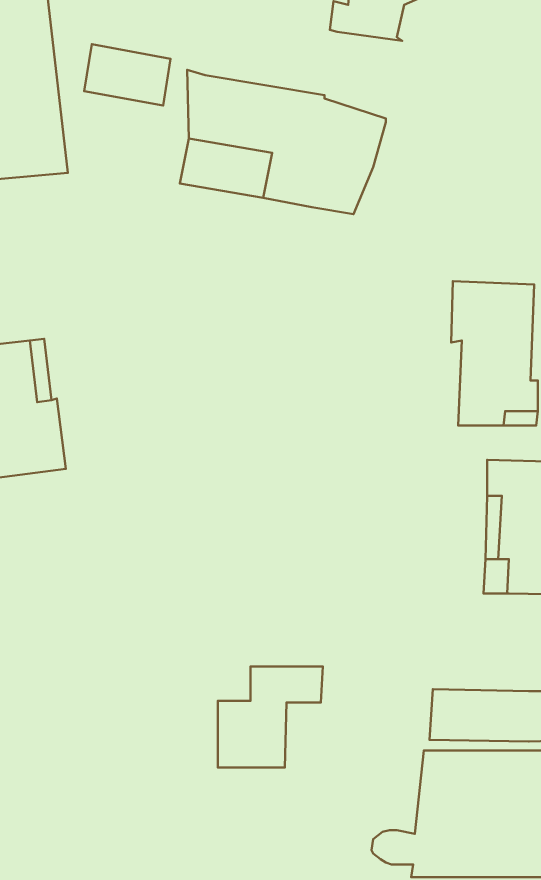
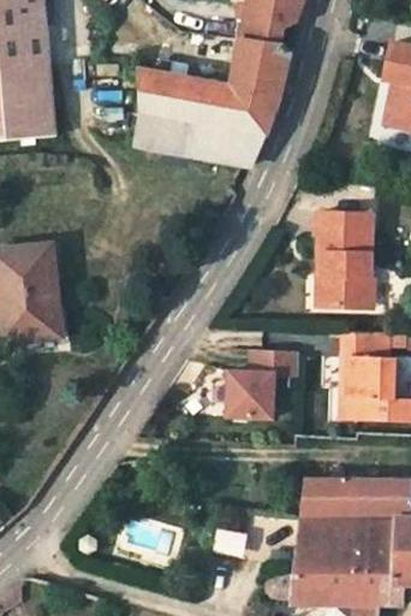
building: none -> [232,43,288,103]
building: [84,44,171,106] -> none
building: [218,666,323,768] -> [225,349,294,416]

